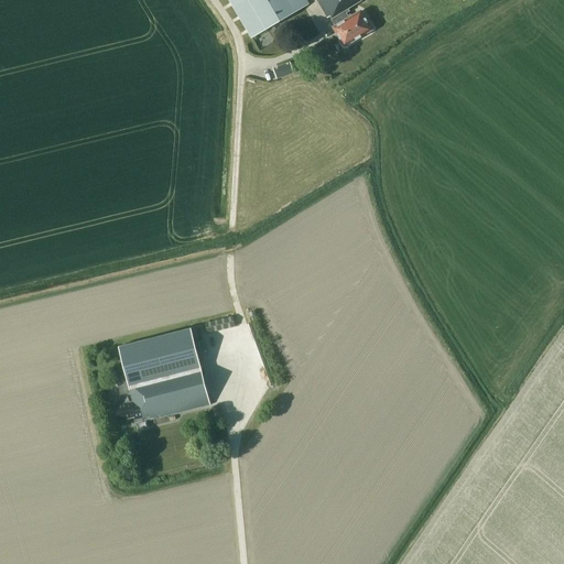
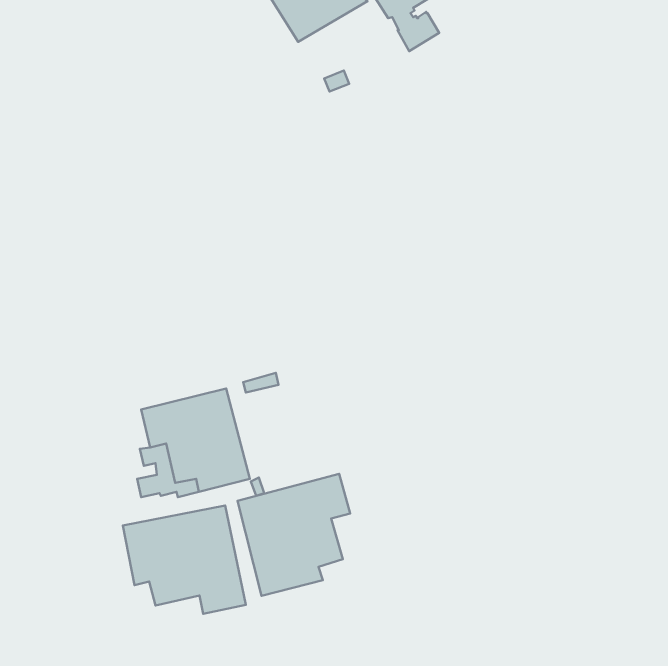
building: none -> [238,474,350,596]
building: none -> [123,505,246,614]

